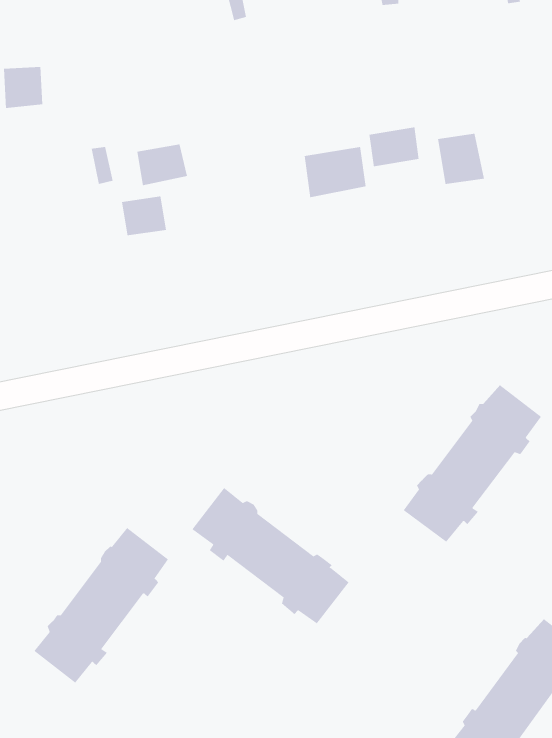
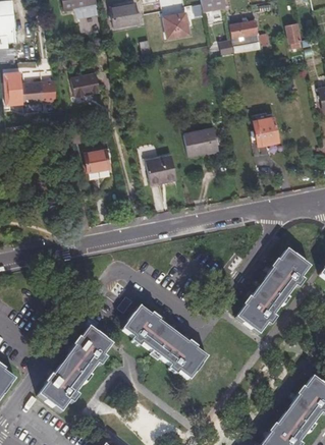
building: [369,127,419,167] -> none
building: [137,144,188,186] -> [71,73,99,96]
building: none -> [146,155,176,184]

